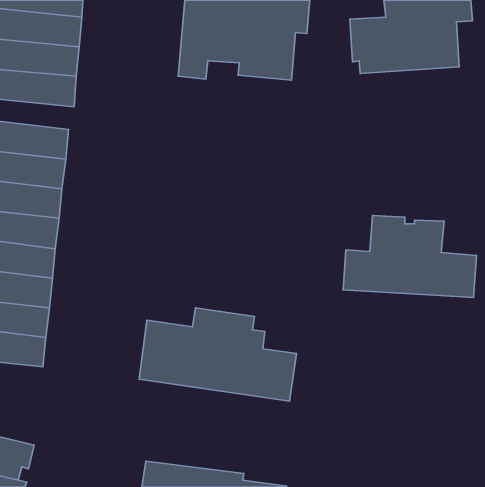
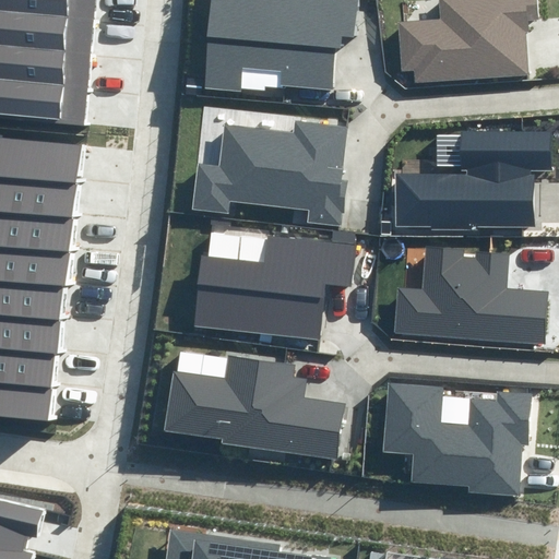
building: none -> [190,122,344,224]
building: none -> [396,131,549,227]
building: none -> [191,234,358,341]
building: none -> [383,383,530,491]

